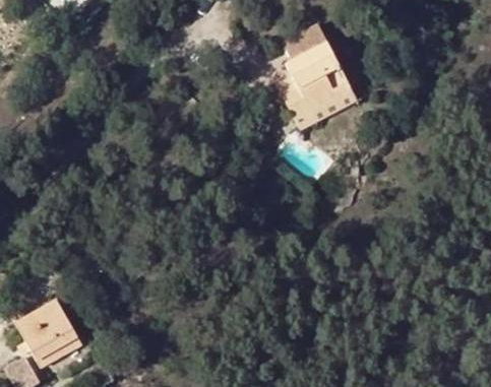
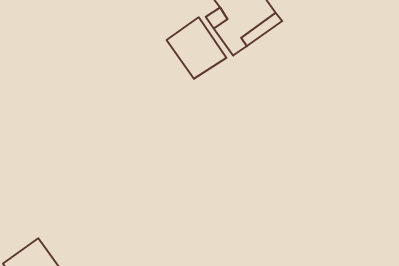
building: none -> [167,17,226,79]

